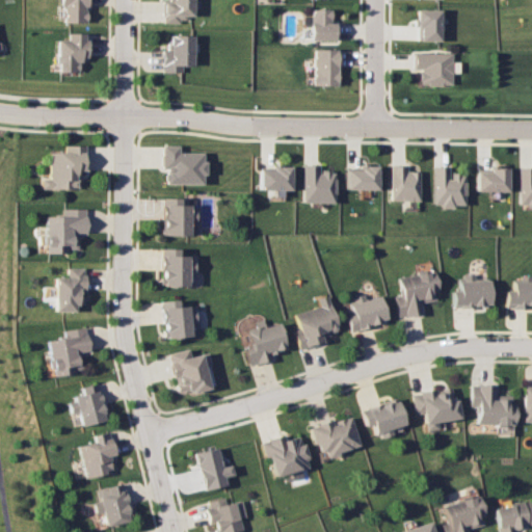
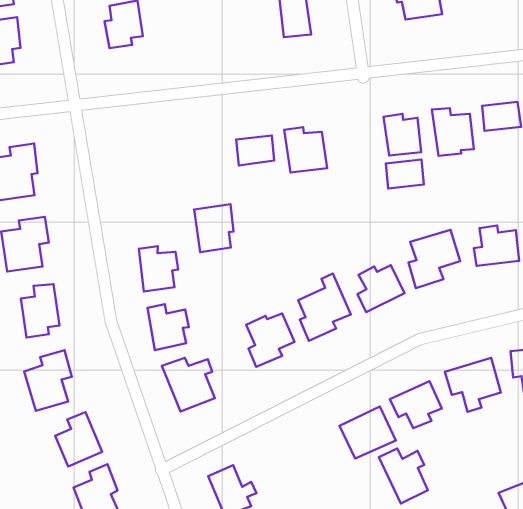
building: [165,145,209,185] -> none
building: [349,167,381,190] -> [386,160,424,189]
building: [166,198,198,236] -> [194,204,233,252]
building: [268,436,314,477] -> none
building: none -> [379,449,428,504]

